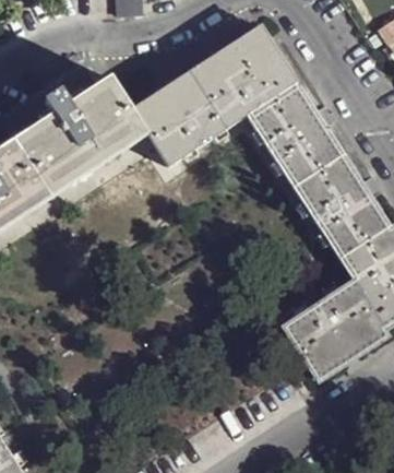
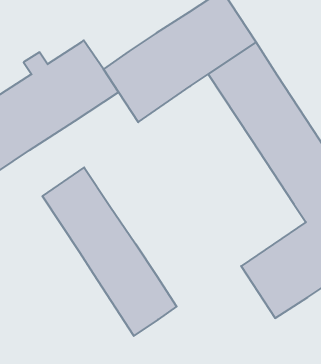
building: none -> [42,167,177,336]

